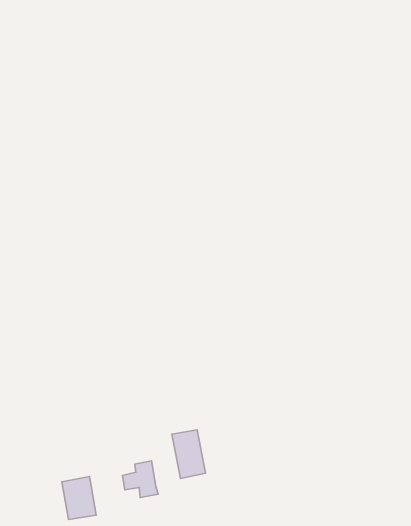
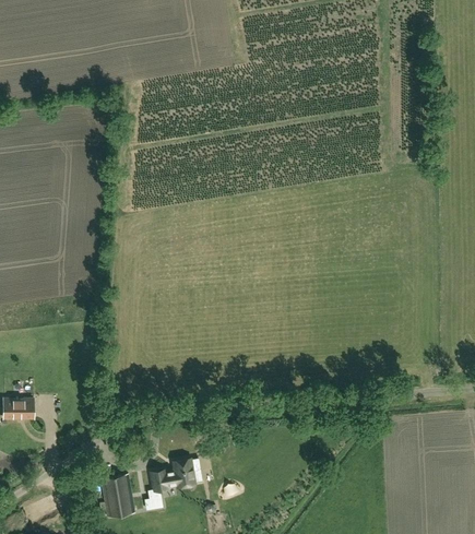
building: [172,430,206,478] -> none

